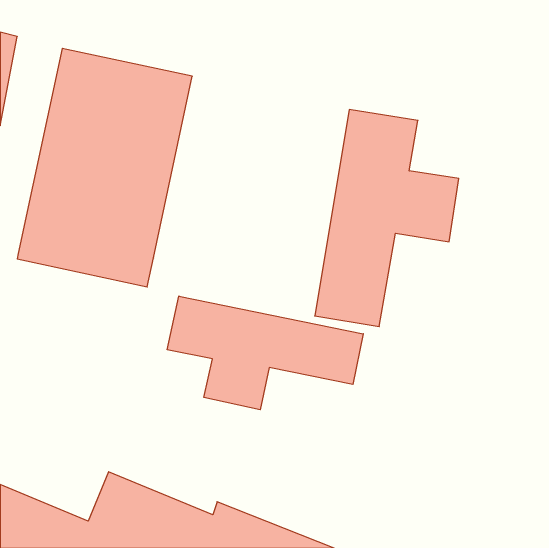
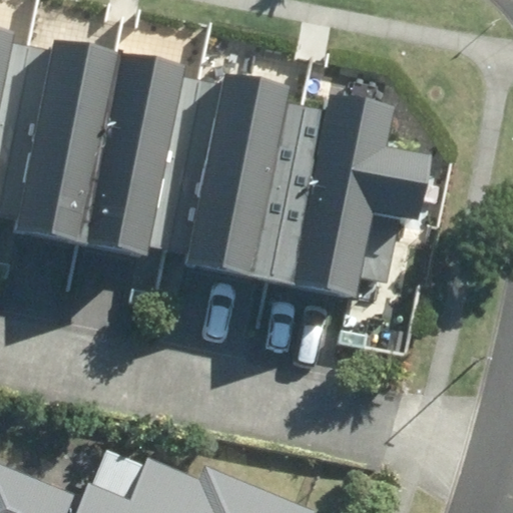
building: none -> [185,77,319,292]
building: [167,296,363,410] -> none

